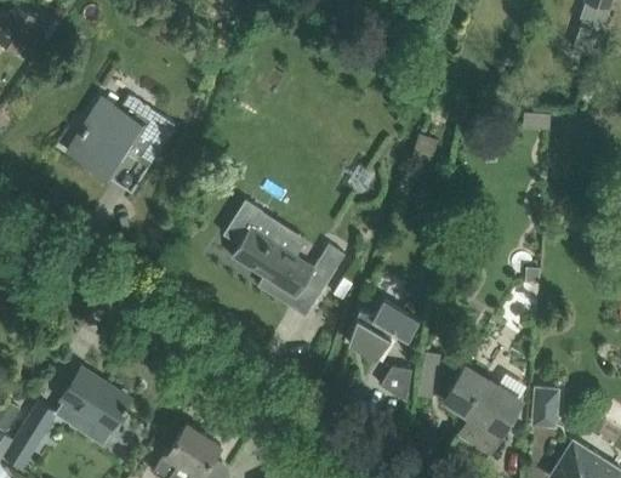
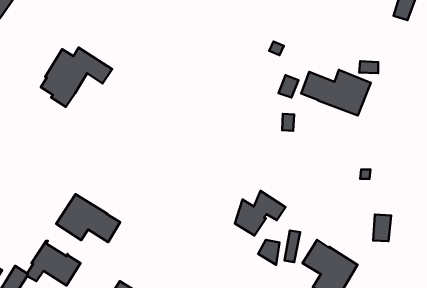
building: none -> [301,70,371,116]
building: [223,199,344,300] -> none
building: none -> [56,194,120,242]
building: [532,389,558,427] -> [373,215,391,241]

